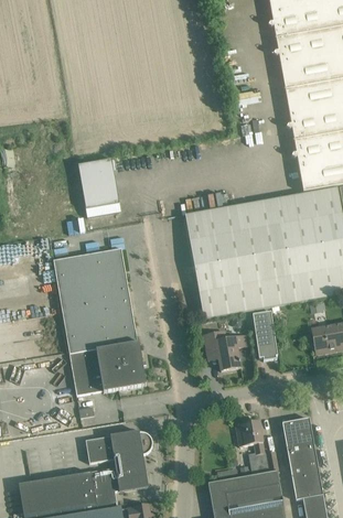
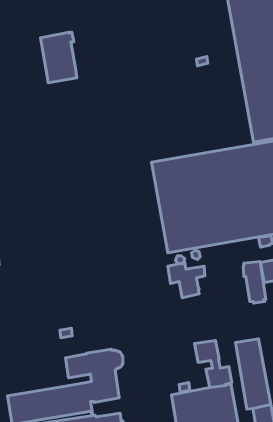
building: [78,158,120,216] -> [40,32,77,83]
building: [52,248,146,395] -> none
building: [251,311,278,359] -> [243,261,266,303]

